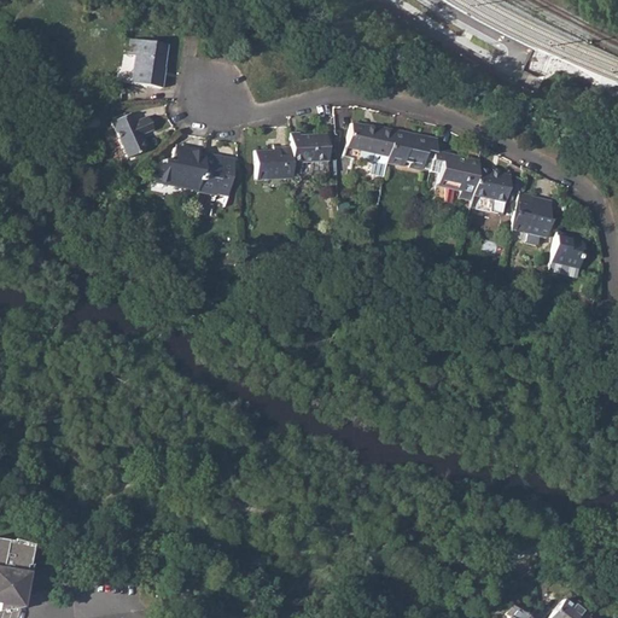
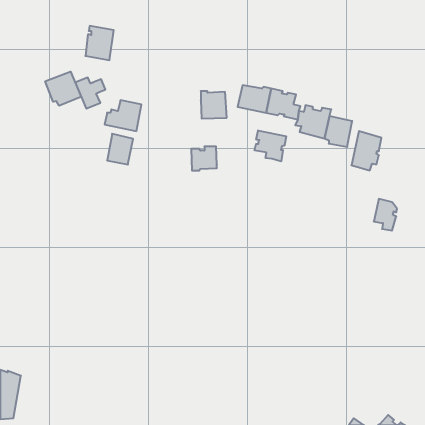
building: none -> [45,72,81,106]
building: [257,145,295,180] -> [191,146,217,171]
building: [200,151,238,196] -> [107,134,133,165]
building: none -> [255,130,286,161]
building: [552,231,585,276] -> [374,199,397,231]

